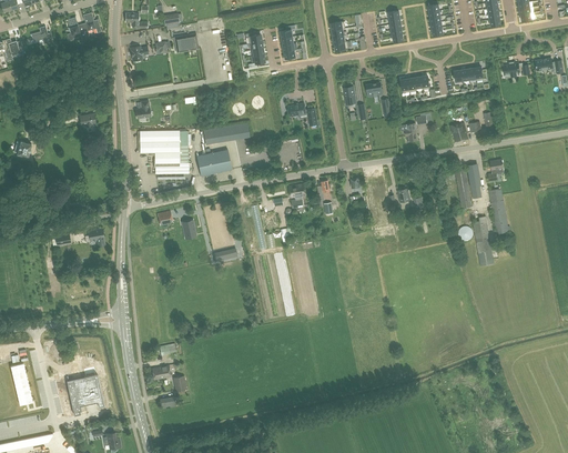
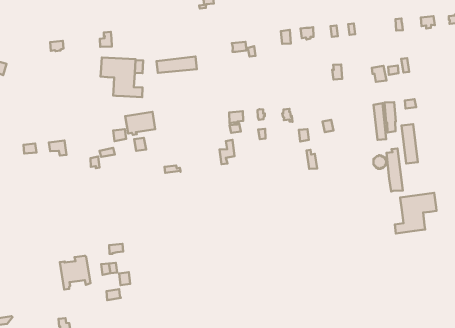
building: [196,149,232,177] -> [125,112,155,135]
building: none -> [395,193,437,233]
building: [68,374,104,414] -> [60,256,91,290]

